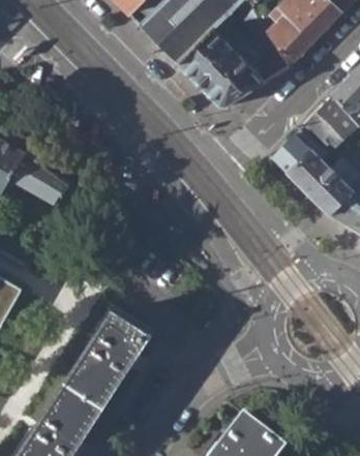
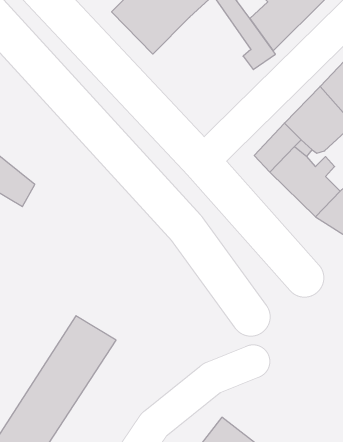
building: [178,31,265,108] -> none

